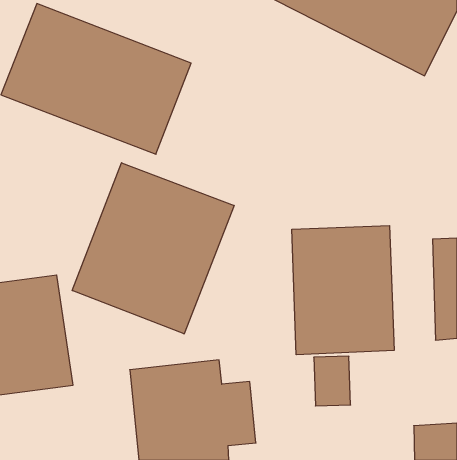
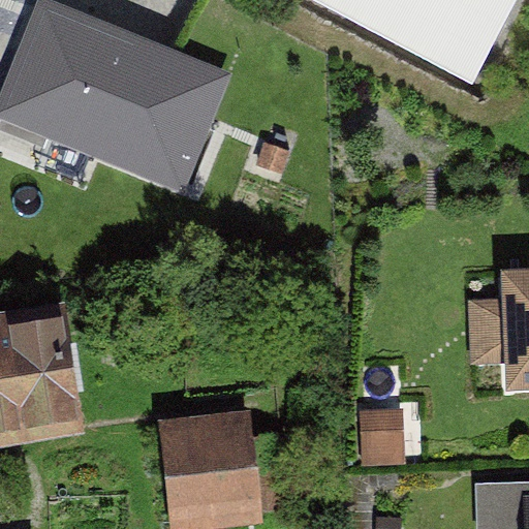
building: [72,163,234,334] -> none
building: [292,226,394,355] -> none

